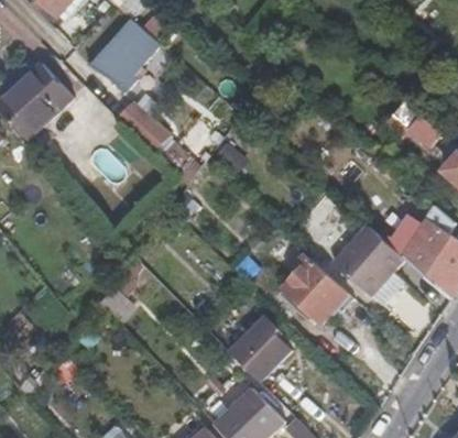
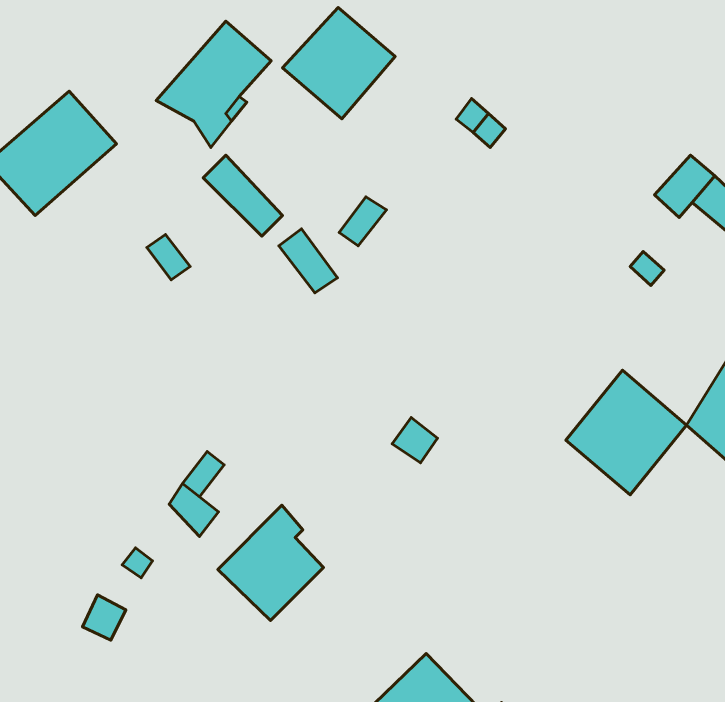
building: none -> [282,8,395,119]
building: [279,254,347,330] -> none
building: [228,316,290,383] -> [218,505,324,620]

